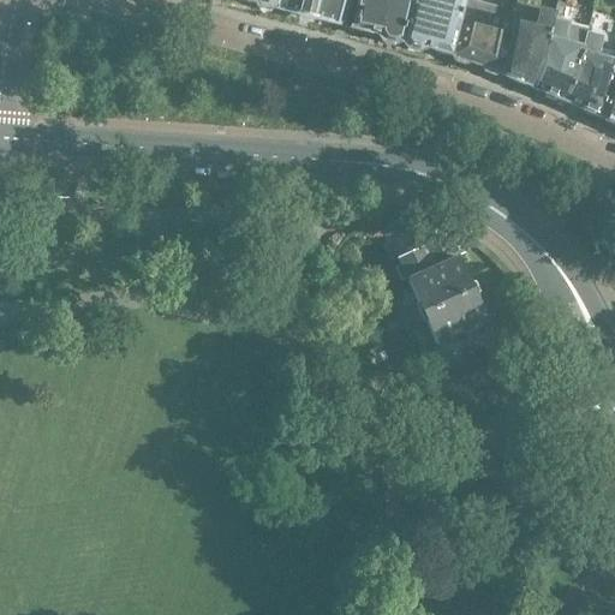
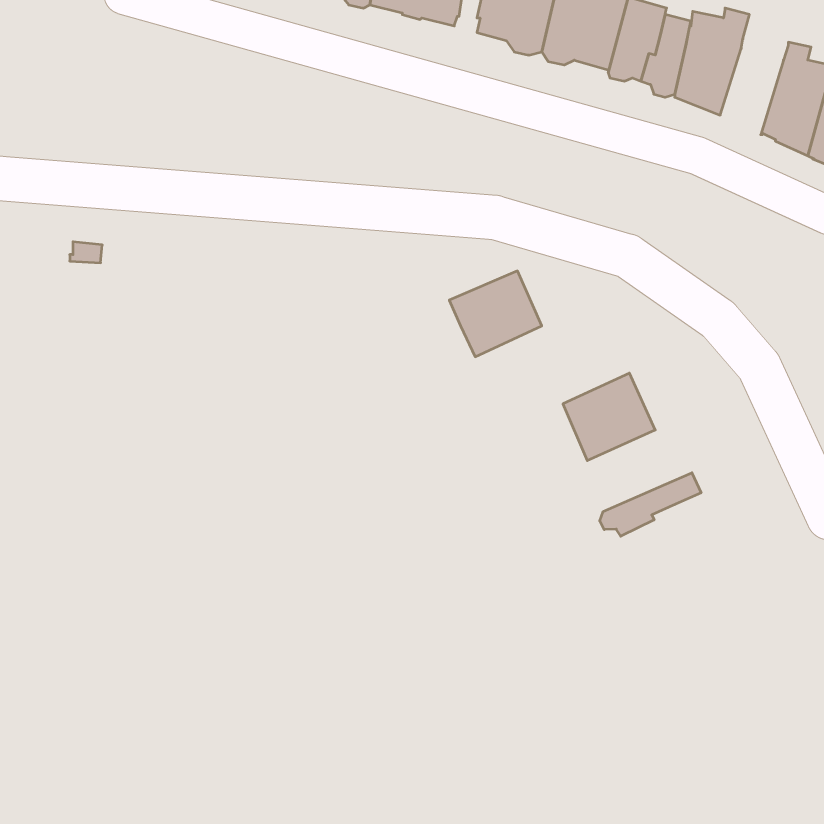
building: [537,17,587,100] -> none
building: [401,235,470,299] -> [449,271,542,357]
building: none -> [600,473,701,536]

